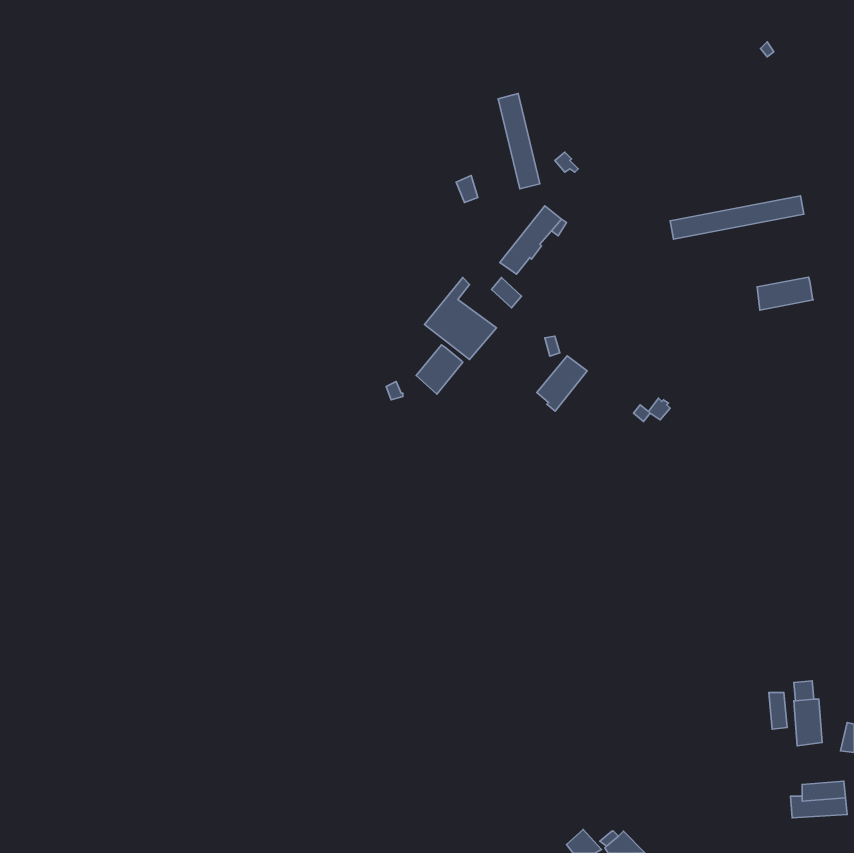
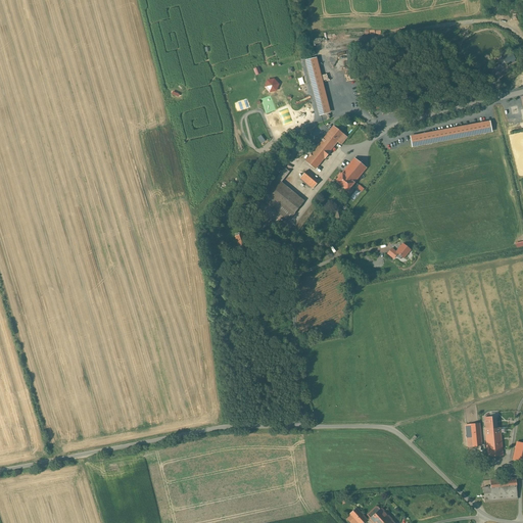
building: [757,277,813,310] -> none
building: [416,345,463,394] -> none
building: [537,356,587,411] -> [335,157,366,191]

